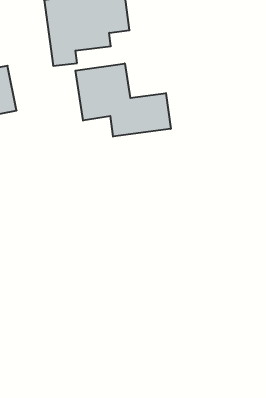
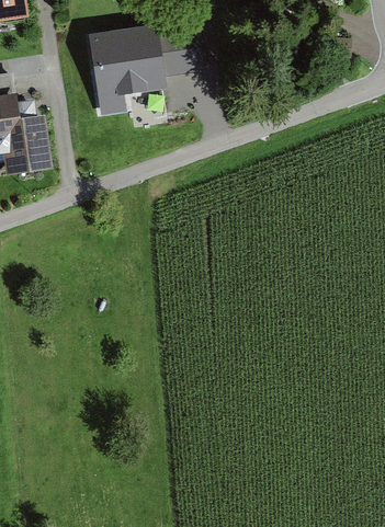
building: [75,63,171,137] -> none

